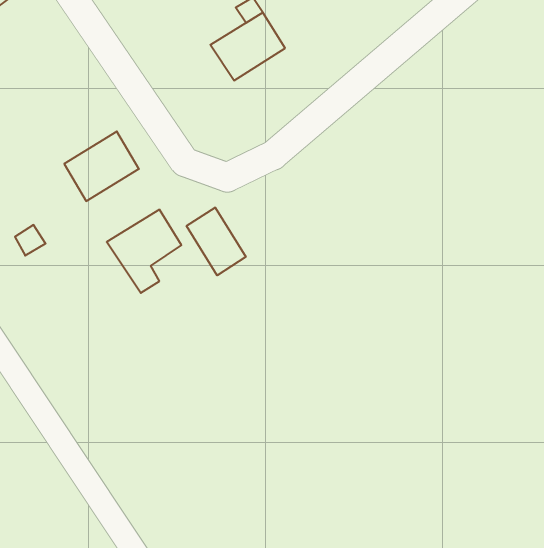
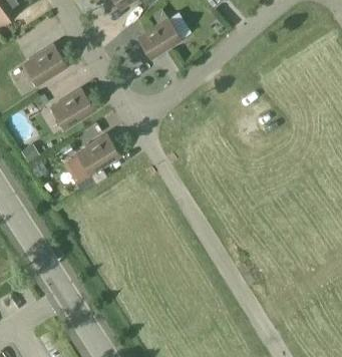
building: none -> [21,45,65,86]
building: [187,207,246,275] -> none

